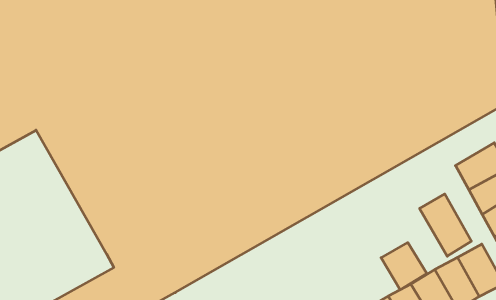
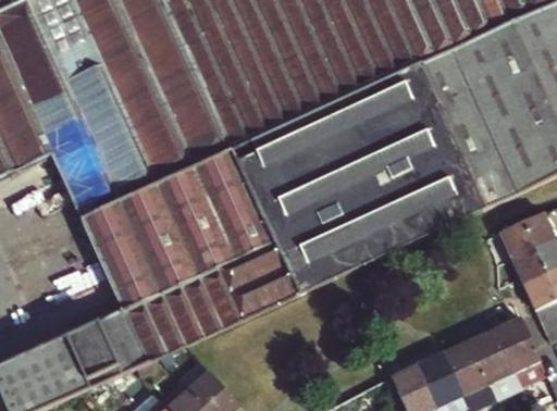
building: [420,194,471,256] -> none
building: [381,243,427,290] -> none

